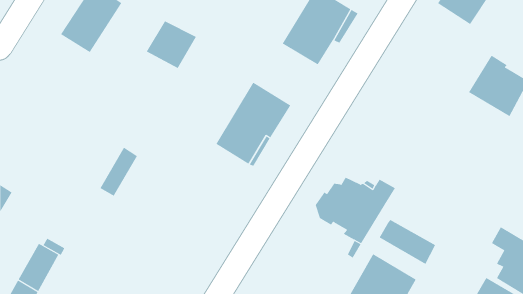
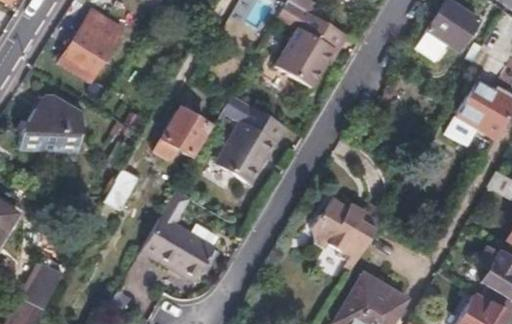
building: [146,20,197,69] -> [160,109,209,156]
building: none -> [20,97,82,160]
building: none -> [140,216,215,285]
building: [379,219,436,265] -> none

